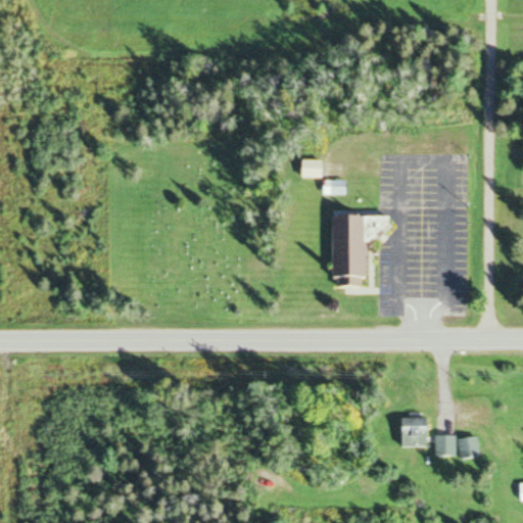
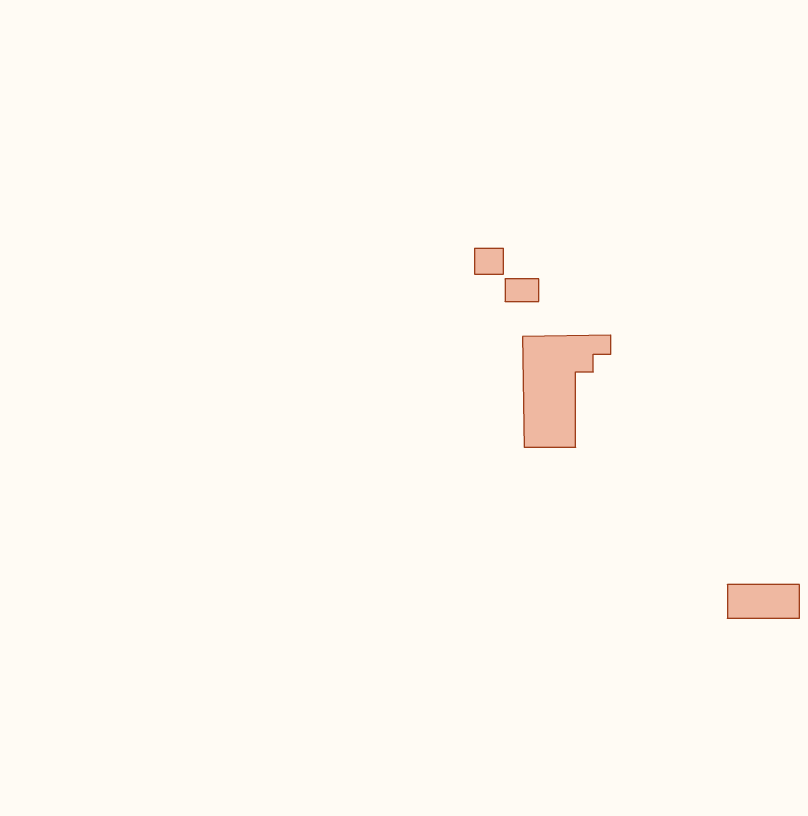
building: [396,416,428,445] -> none
building: [432,434,478,456] -> [727,585,799,618]

